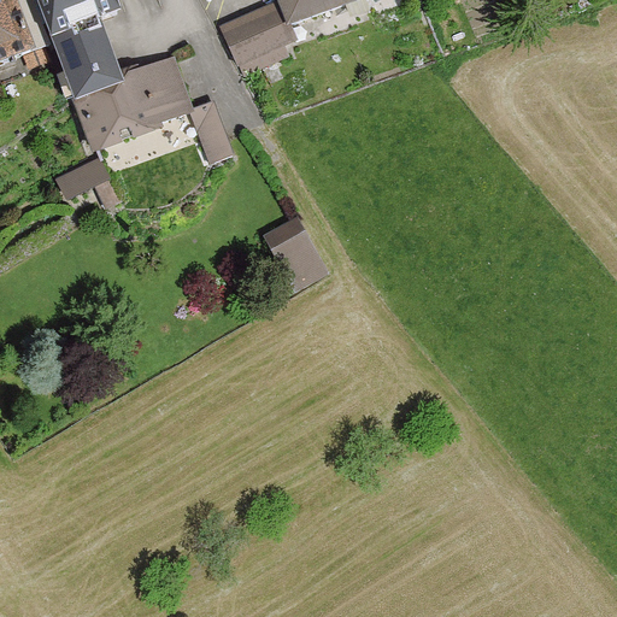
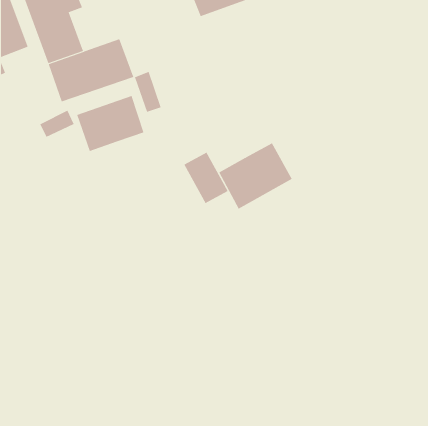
building: [221,5,287,63] -> none
building: none -> [77,95,144,152]
building: none -> [218,142,293,209]

